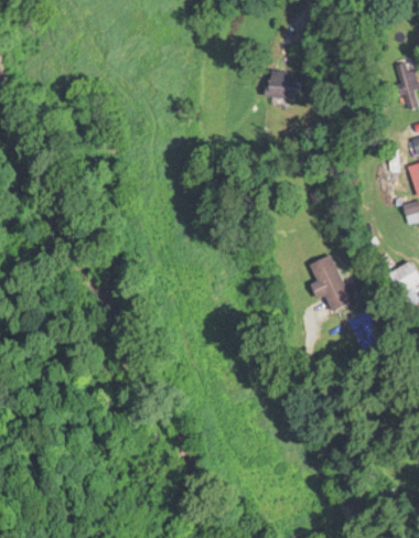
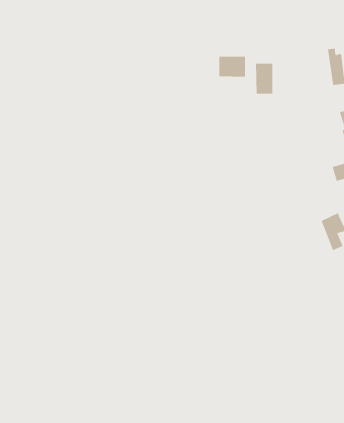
building: none -> [255,63,273,94]
building: [308,255,352,312] -> none

